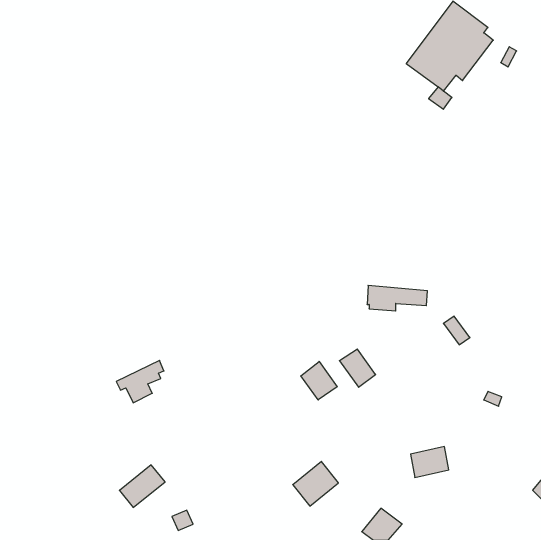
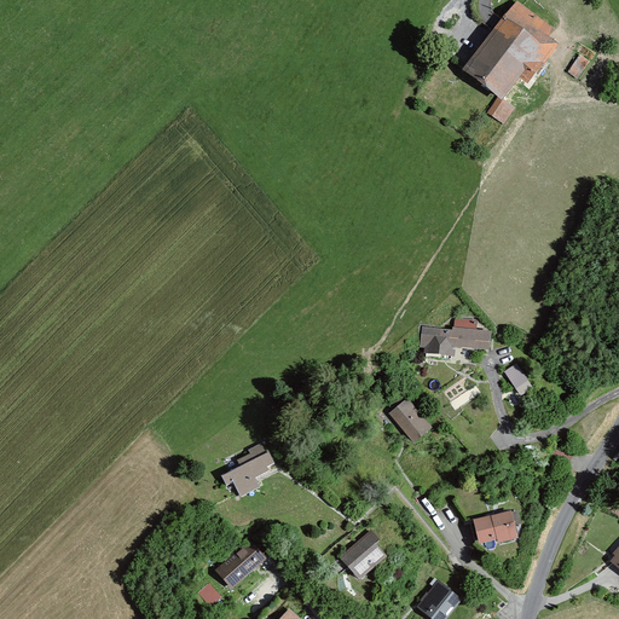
building: [116,360,164,403] -> [216,450,271,498]
building: [301,361,337,400] -> none
building: [119,465,165,507] -> [213,538,265,586]

